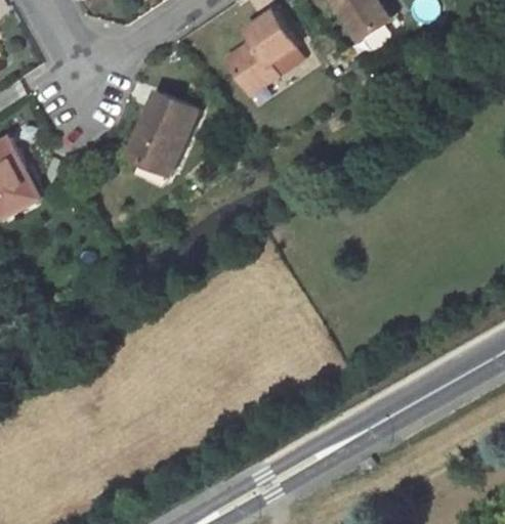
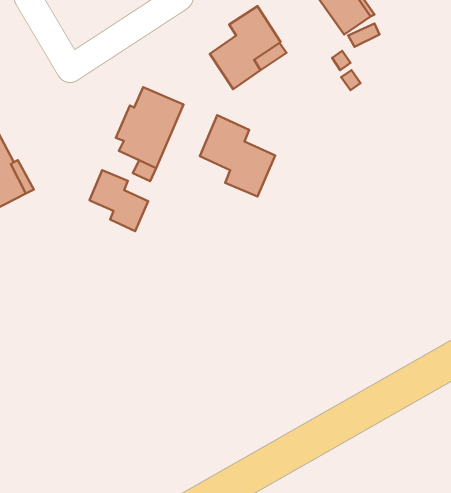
building: none -> [200,115,275,196]
building: none -> [90,170,148,231]

